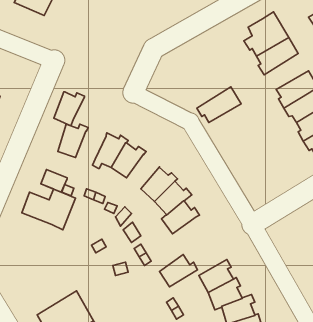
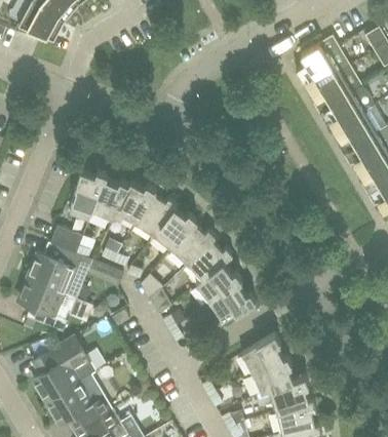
building: [197,87,241,123] -> [320,85,374,128]
building: [54,92,84,126] -> [92,178,129,220]
building: none -> [154,206,197,248]
building: none -> [17,277,69,331]
building: [159,255,198,287] -> [209,282,256,321]
building: none -> [31,337,93,400]

